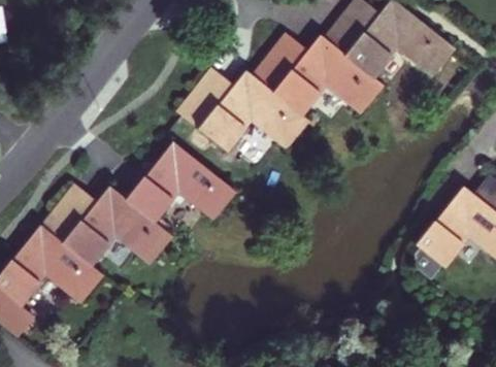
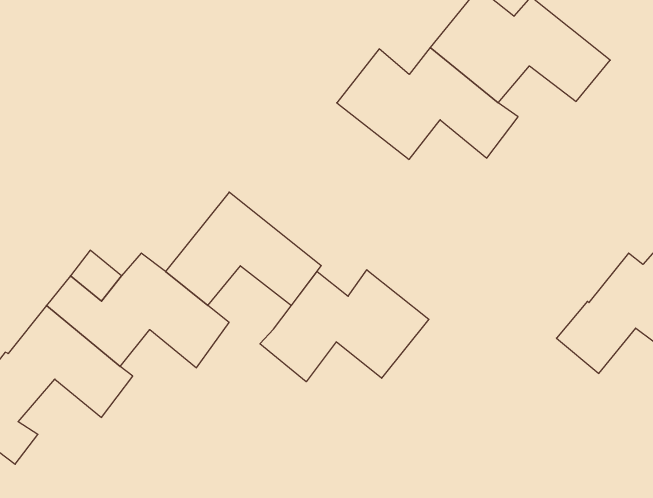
building: [176,69,310,151] -> none
building: none -> [260,270,429,382]

